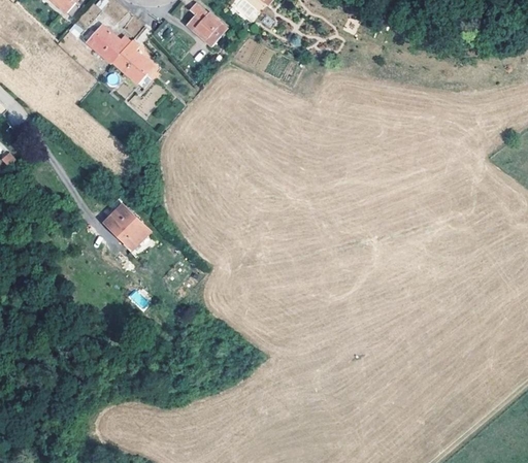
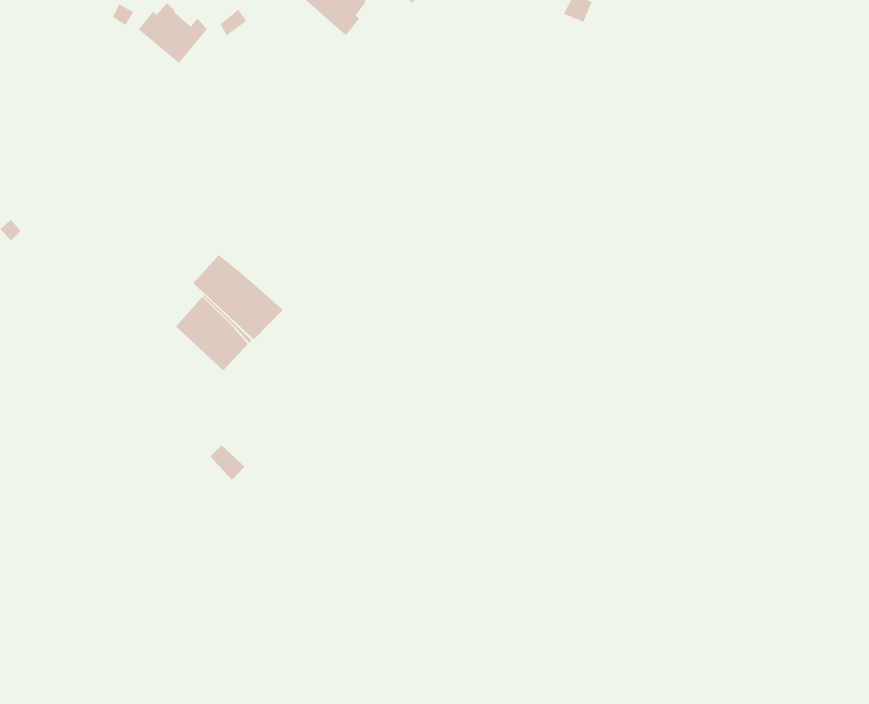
building: [111,39,147,81] -> none
building: none -> [192,254,284,340]

